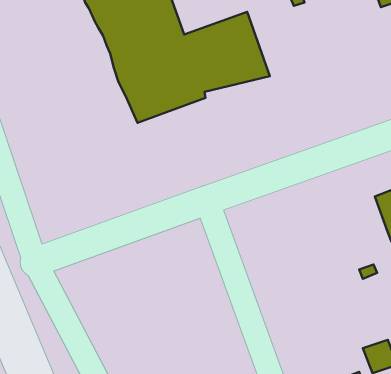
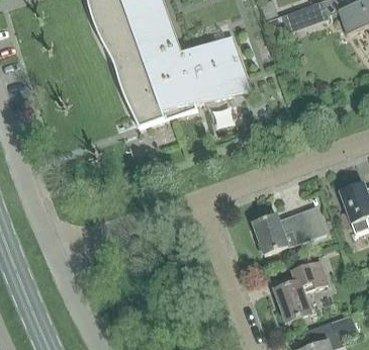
building: none -> [254,206,327,254]
building: none -> [276,262,328,323]

